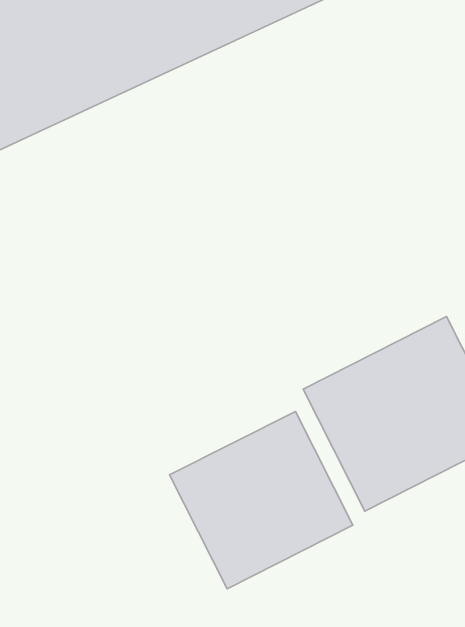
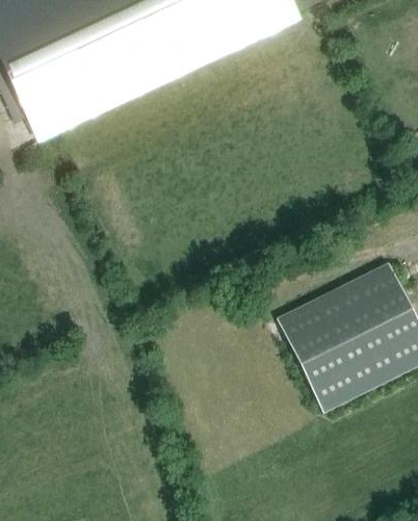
building: [169,411,353,589] -> none

